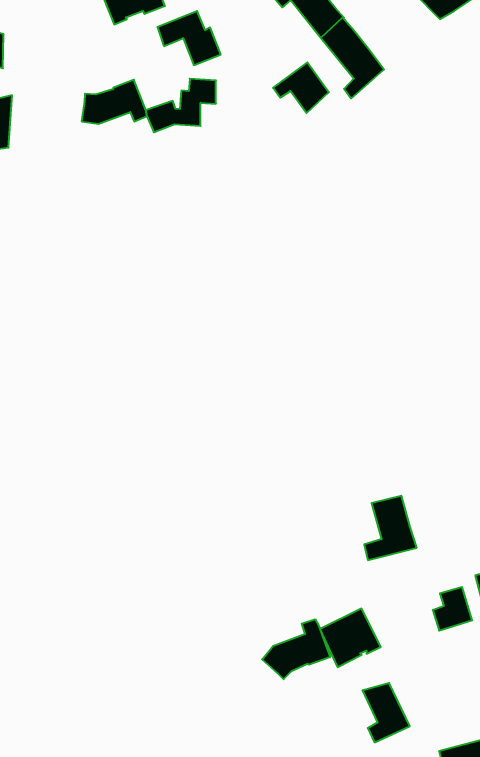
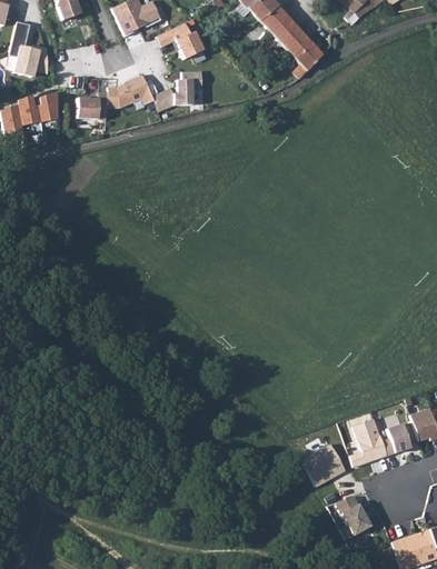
building: [273,62,329,113] -> none
building: none -> [77,91,108,118]
building: [364,496,417,560] -> [349,418,387,466]
building: [262,619,330,679] -> none

